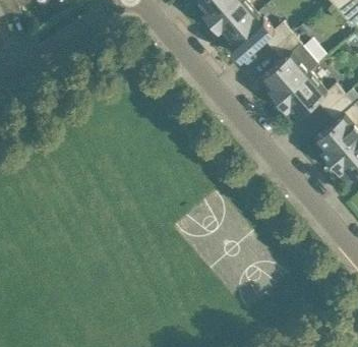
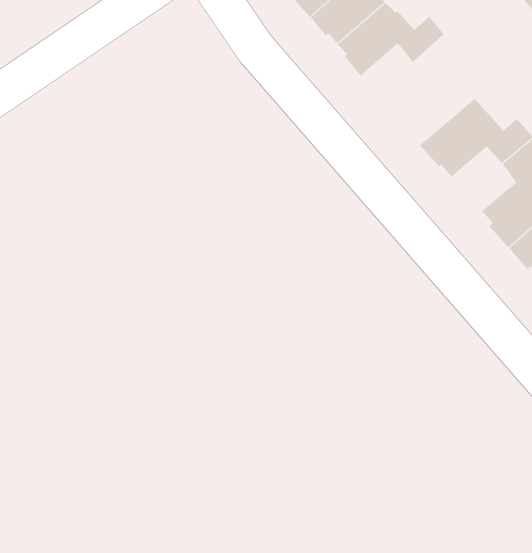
building: [262,34,319,101] -> none

